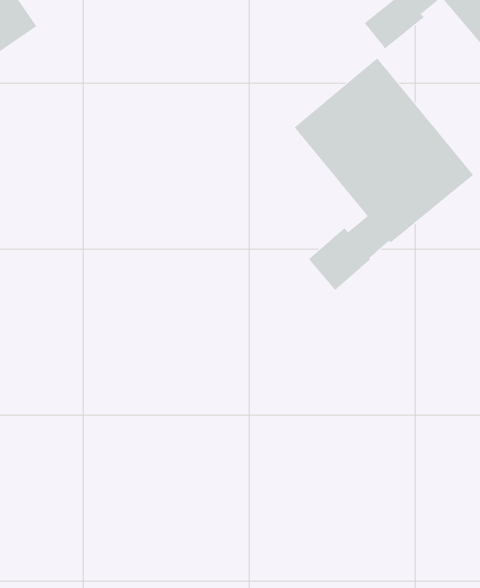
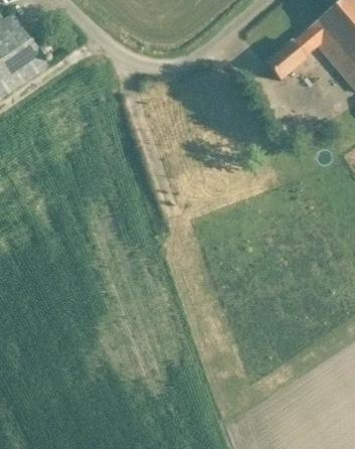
building: [294,57,474,291] -> none

